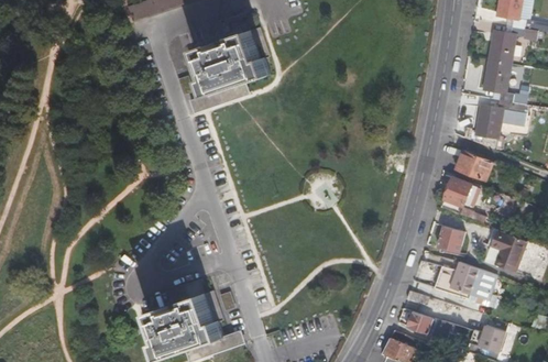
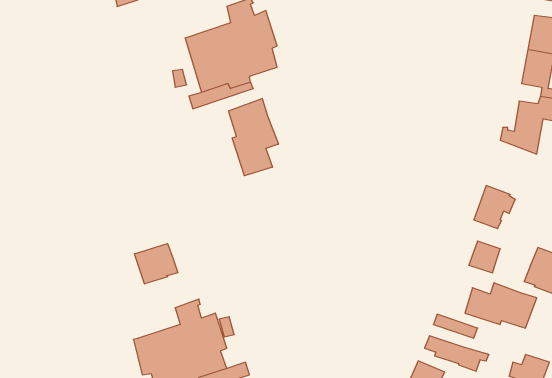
building: none -> [228,98,278,176]
building: [454,152,492,184] -> none
building: none -> [135,244,178,284]

